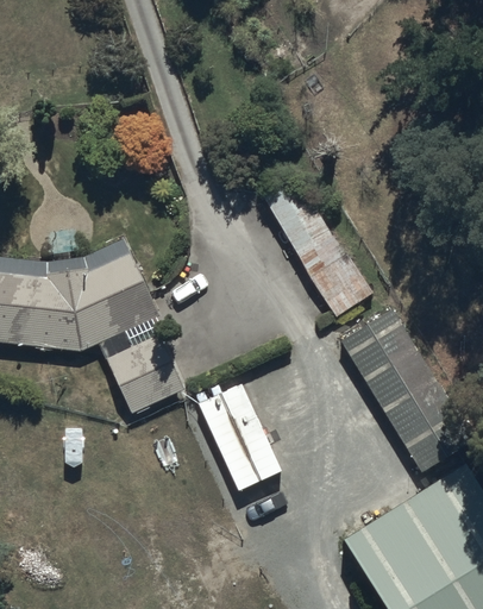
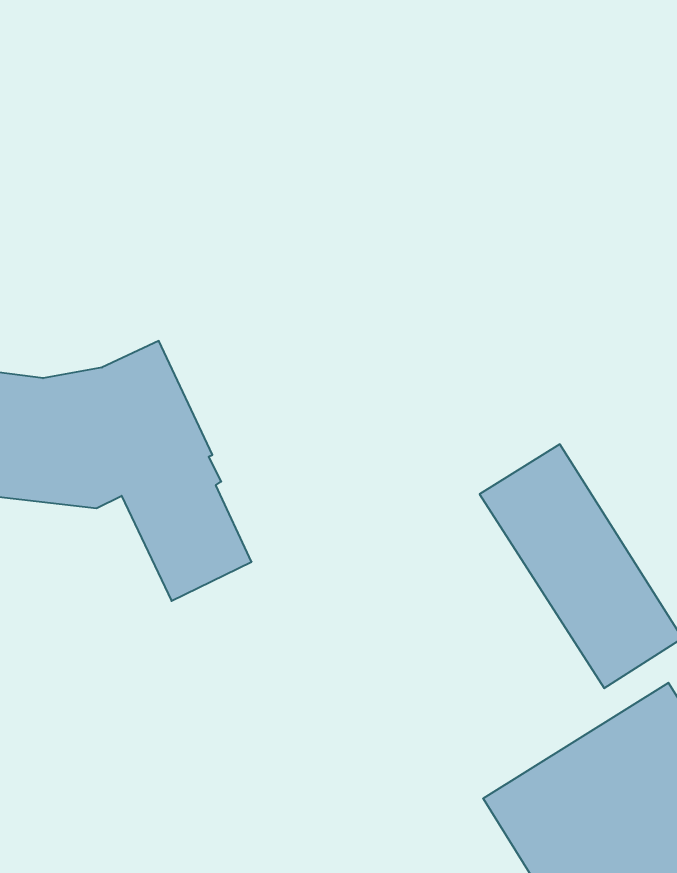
building: [268,188,368,315] -> none
building: [195,381,282,490] -> none

